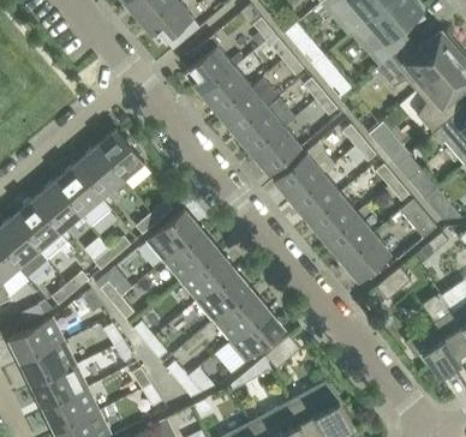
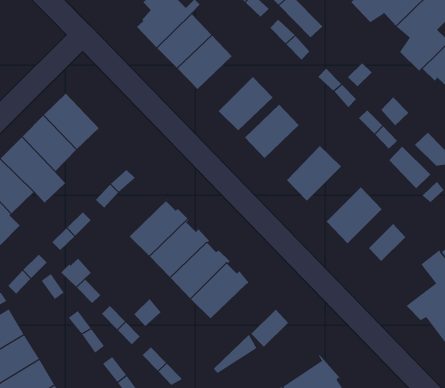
building: [234,102,293,156] -> none
building: [289,174,340,222] -> none
building: [147,210,201,262] -> none
building: [324,214,374,262] -> none
building: [231,312,285,361] -> none

